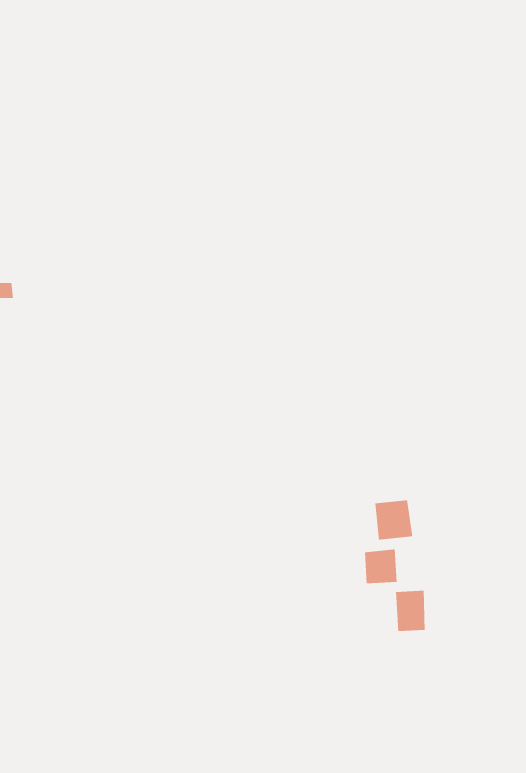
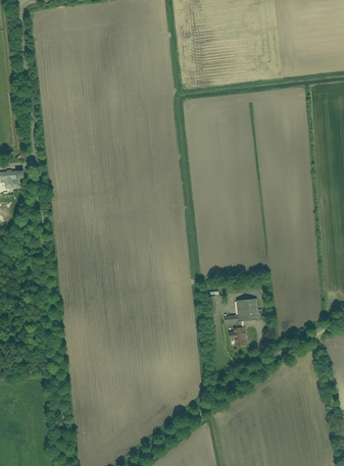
building: [396,590,425,632] -> none

